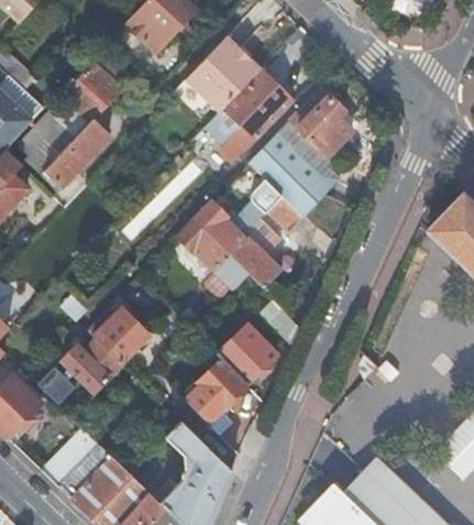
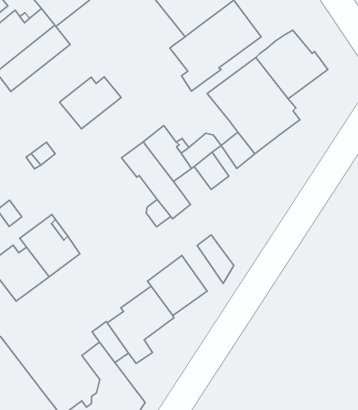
building: none -> [59,77,121,129]
building: [229,237,282,289] -> none

